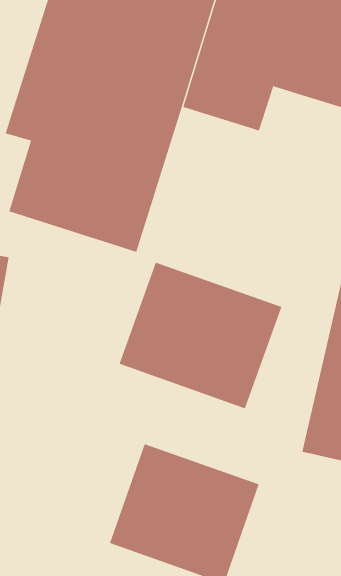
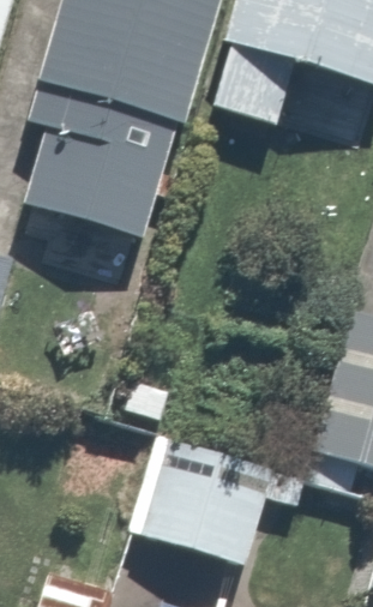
building: [119,262,282,409] -> none

